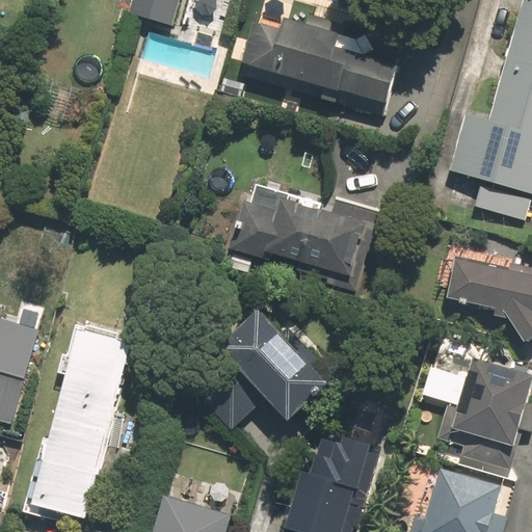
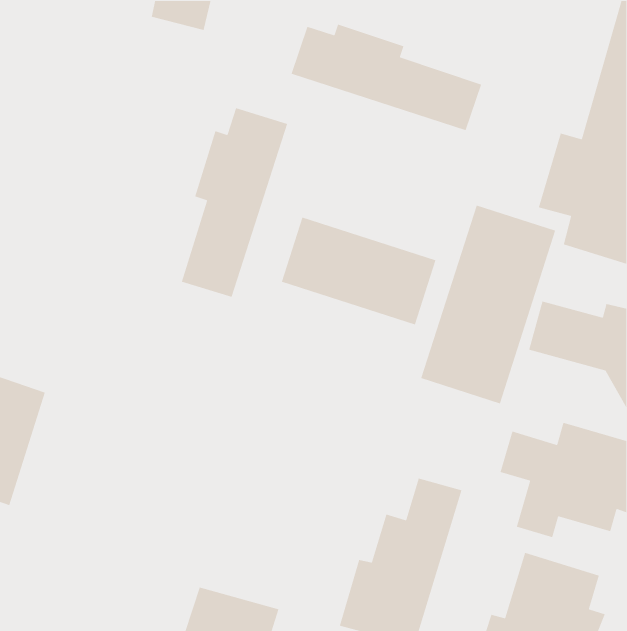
building: none -> [181,107,288,298]
building: none -> [420,205,556,404]
building: [213,310,330,429] -> none
building: [32,326,140,520] -> none

